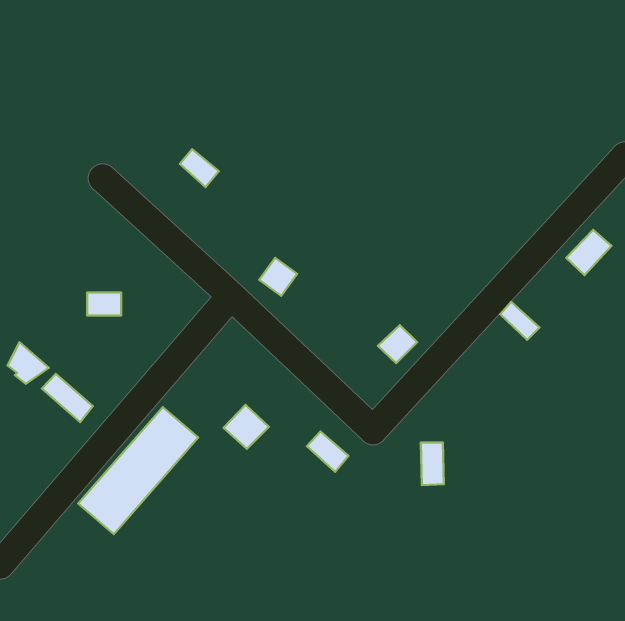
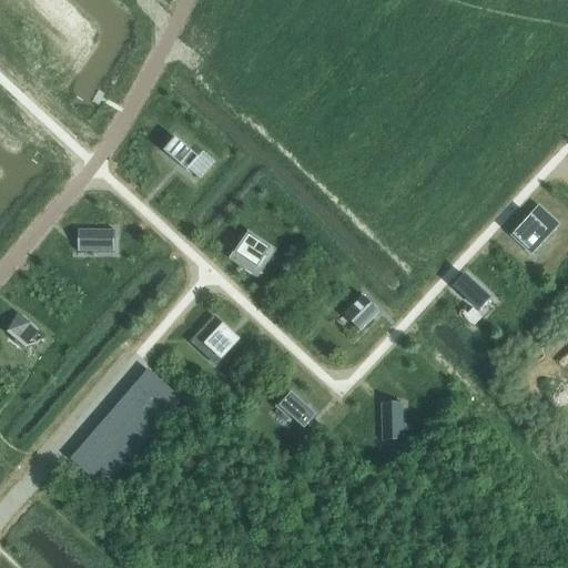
building: [87,292,121,316] -> [83,229,114,250]
building: [42,374,93,422] -> none
building: [224,405,269,449] -> [194,320,235,359]

